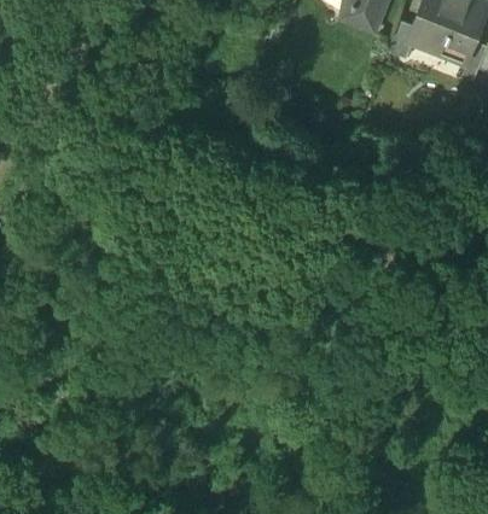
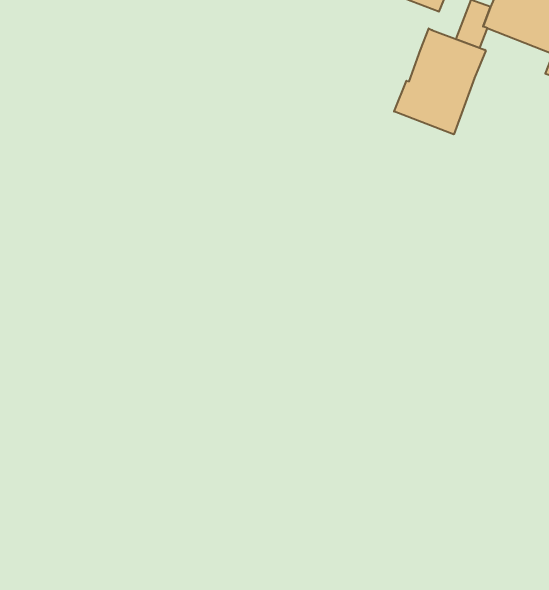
building: none -> [394,28,486,134]

